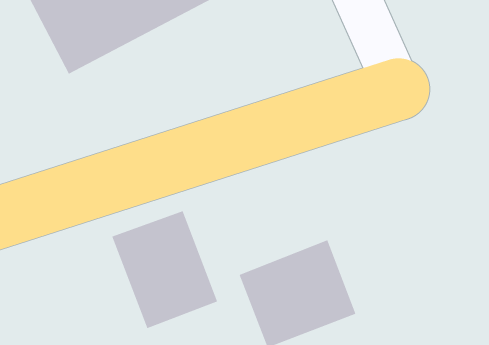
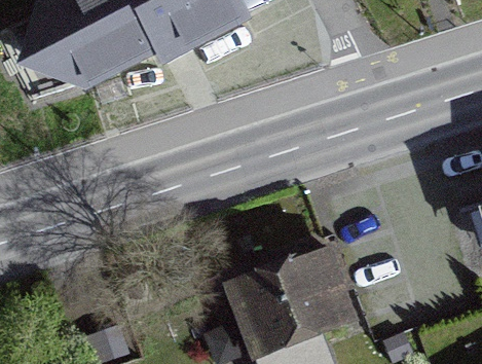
building: [111,210,218,329] -> none

